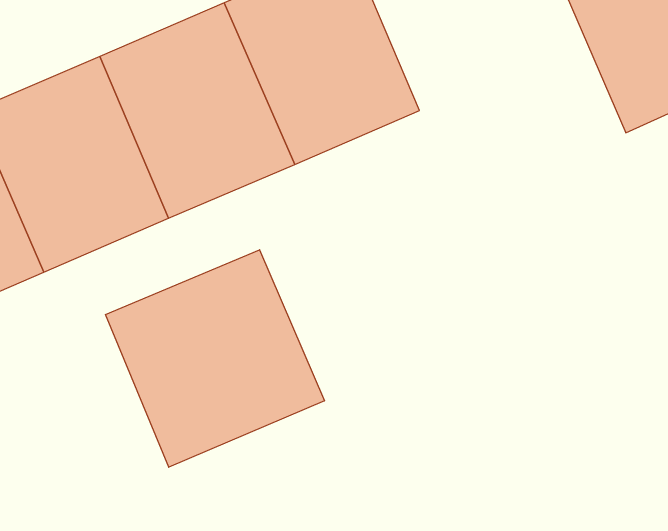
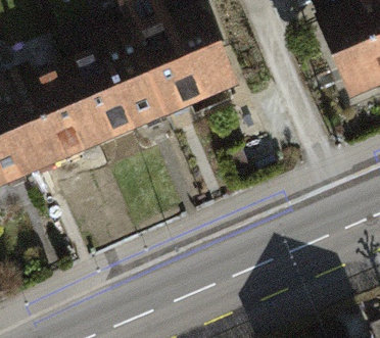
building: [106,250,324,467] -> none

